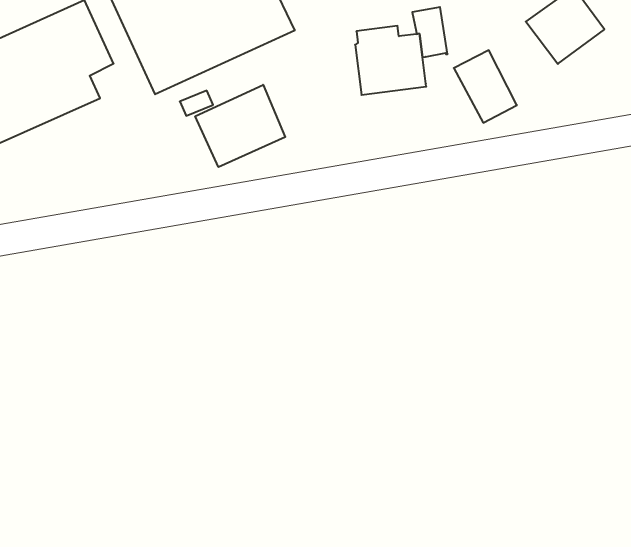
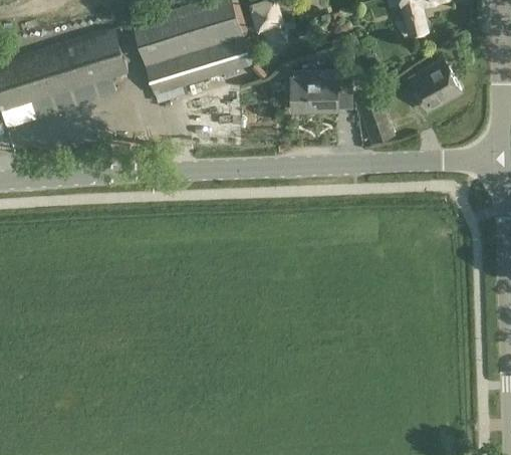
building: [195,85,285,167] -> none

